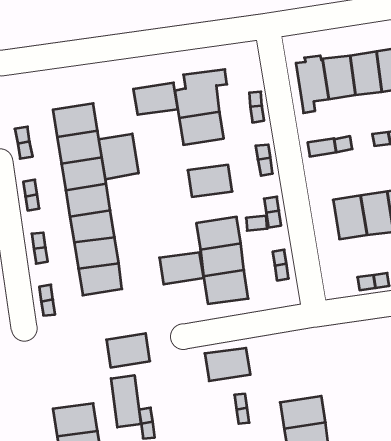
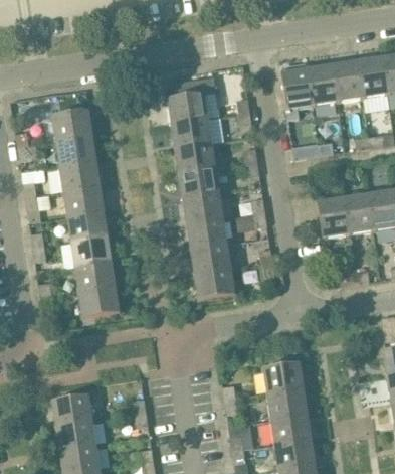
building: [133,83,178,115] -> [175,143,217,173]
building: [99,134,138,180] -> none
building: [159,252,204,284] -> [183,193,225,223]
building: [106,333,150,367] -> [79,286,121,318]
building: [205,348,250,381] -> [262,362,306,393]
building: [111,375,141,427] -> none

